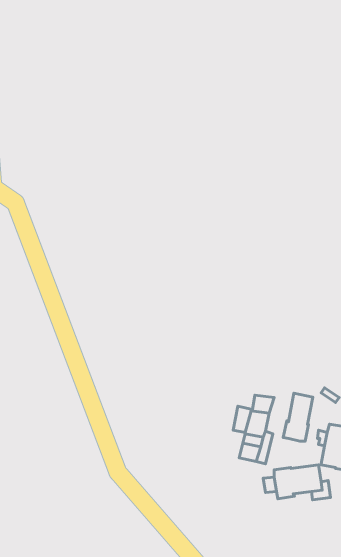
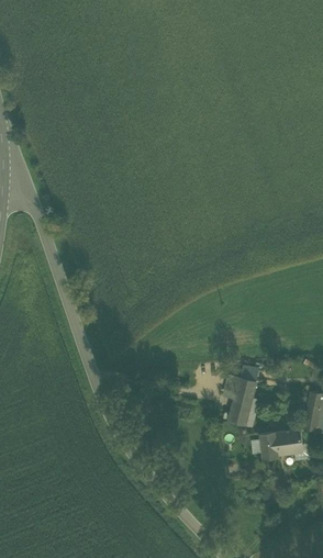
building: [283,393,313,441] -> none

